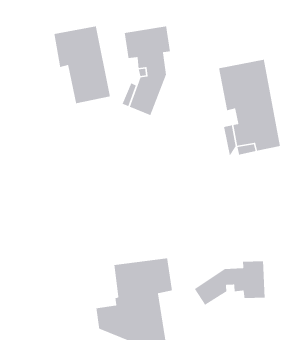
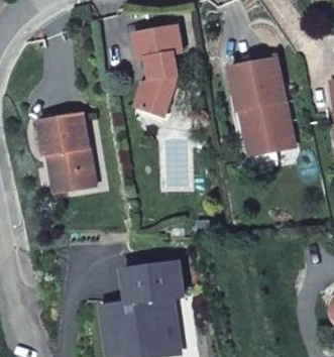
building: [53,25,111,104] -> [37,112,95,191]
building: [194,260,265,306] -> none

